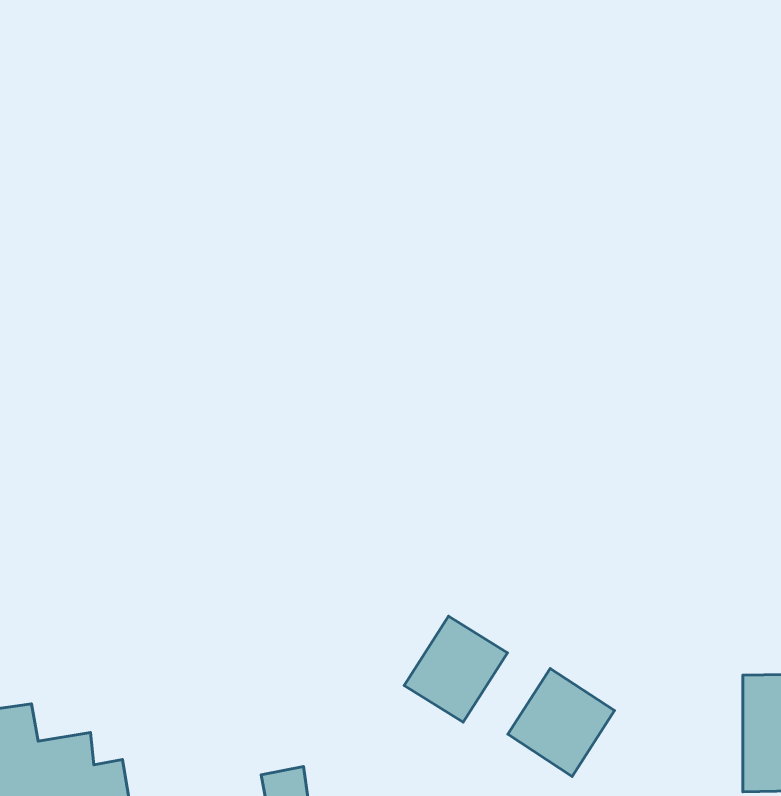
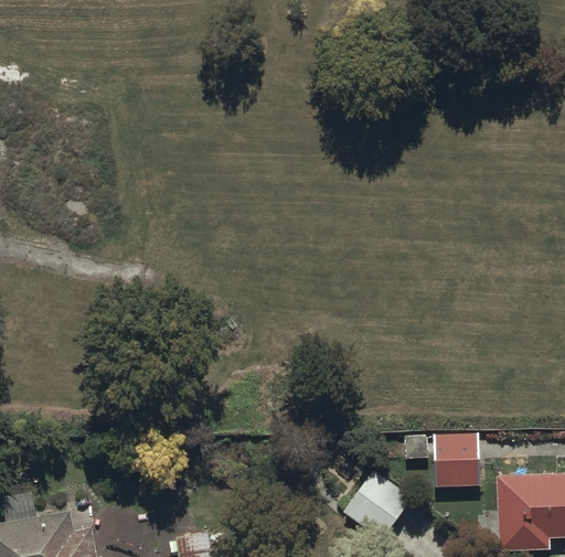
building: none -> [407,433,480,489]
building: [404,616,508,722] -> none

